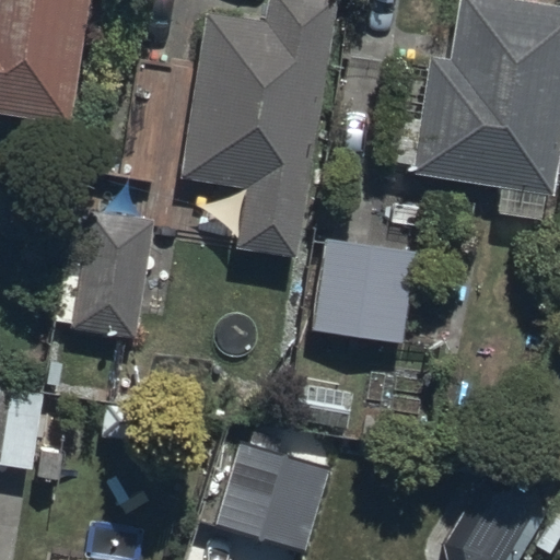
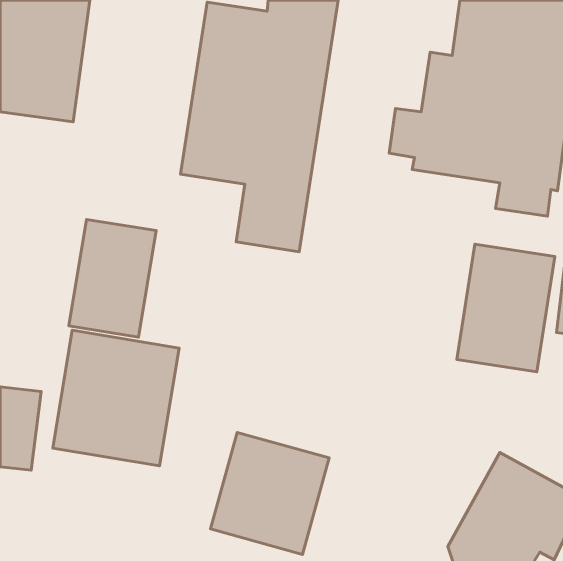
building: [312,238,417,343] -> none
building: none -> [457,244,555,372]
building: none -> [53,330,179,466]

